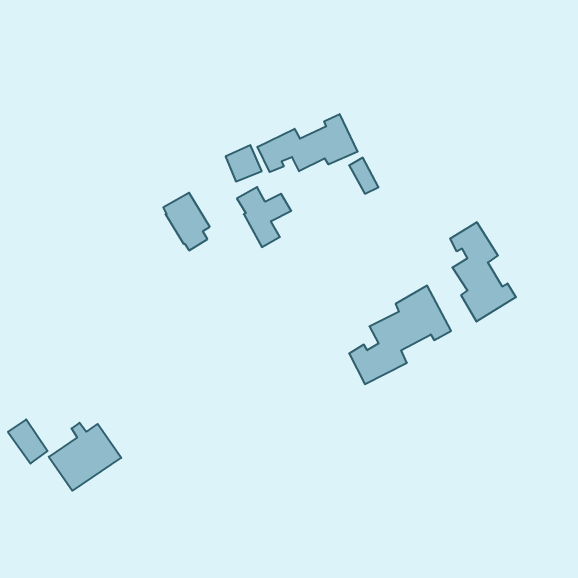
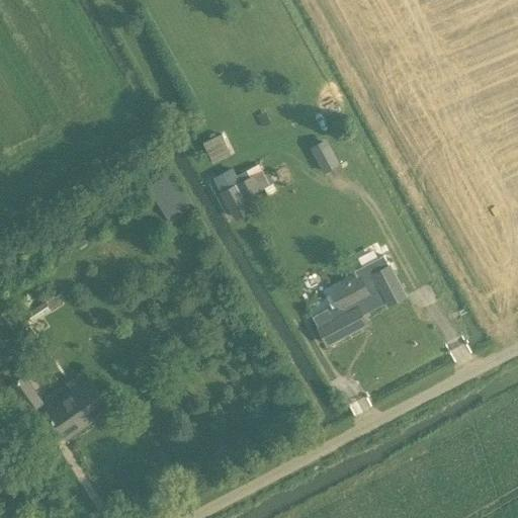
building: [257,114,358,172] -> none
building: [450,222,516,322] -> none

